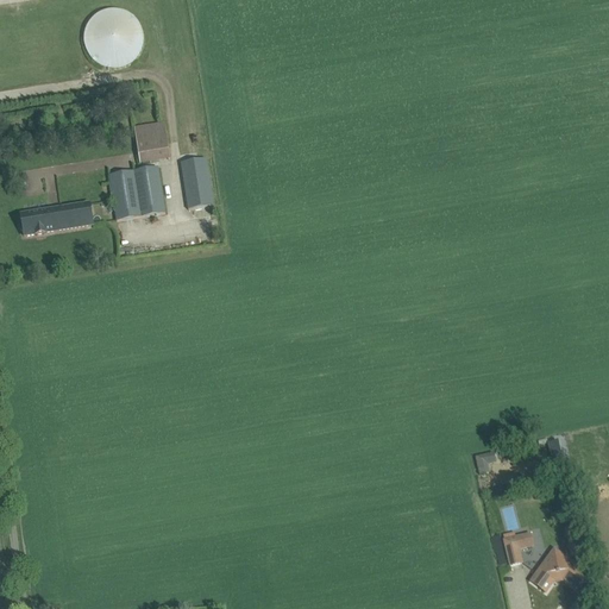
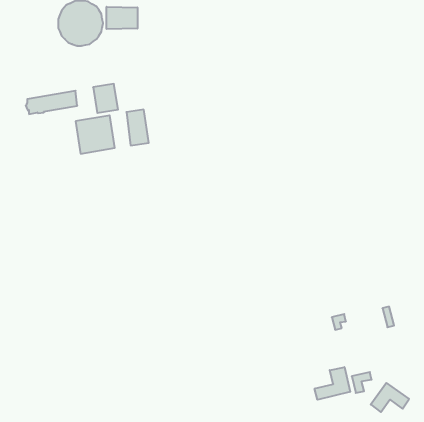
building: none -> [107,7,137,29]
building: [18,201,92,234] -> [26,91,77,114]
building: none -> [315,367,350,400]

